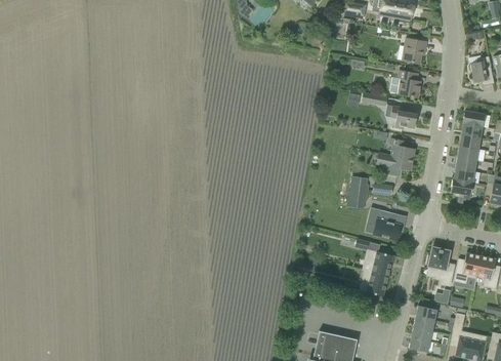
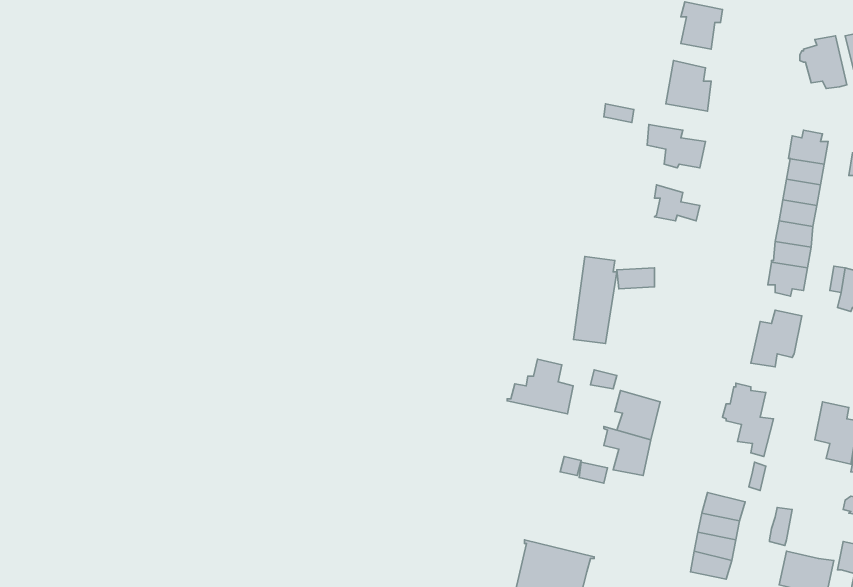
building: [377,152,413,176] -> none
building: [365,210,401,240] -> [507,359,573,414]
building: [454,252,482,283] -> [751,310,802,367]

